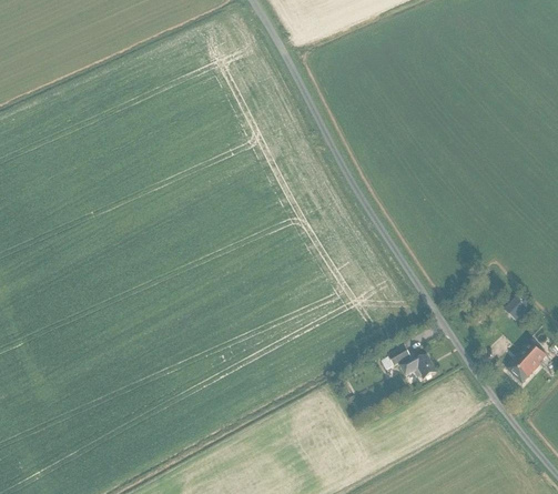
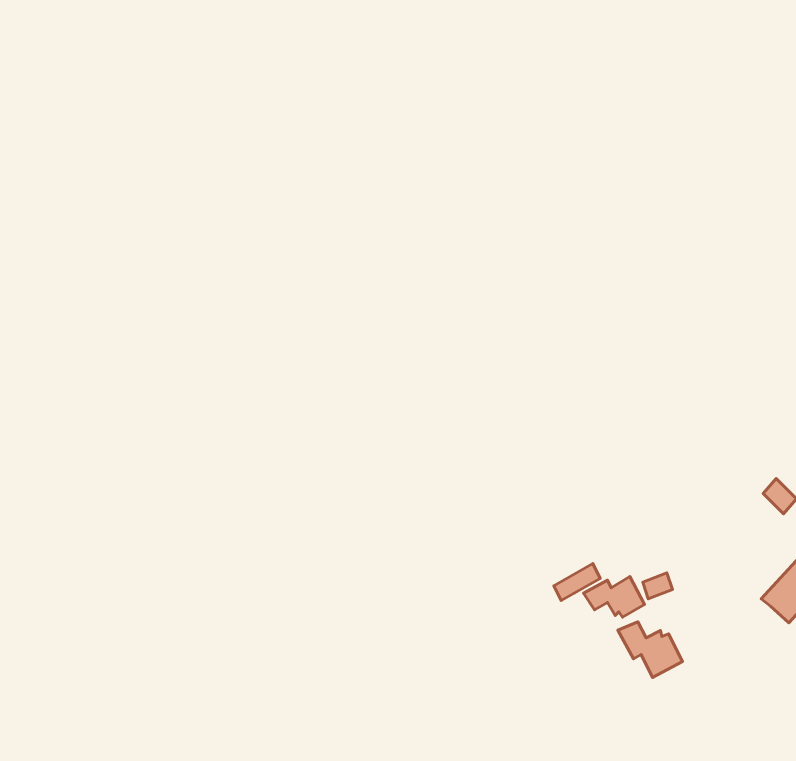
building: none -> [618,622,682,678]

